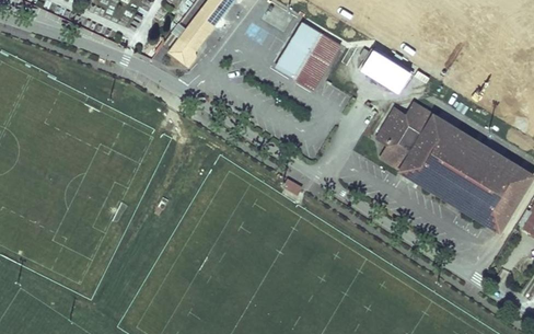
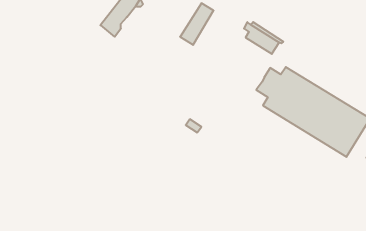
building: [295,34,339,89] -> none

